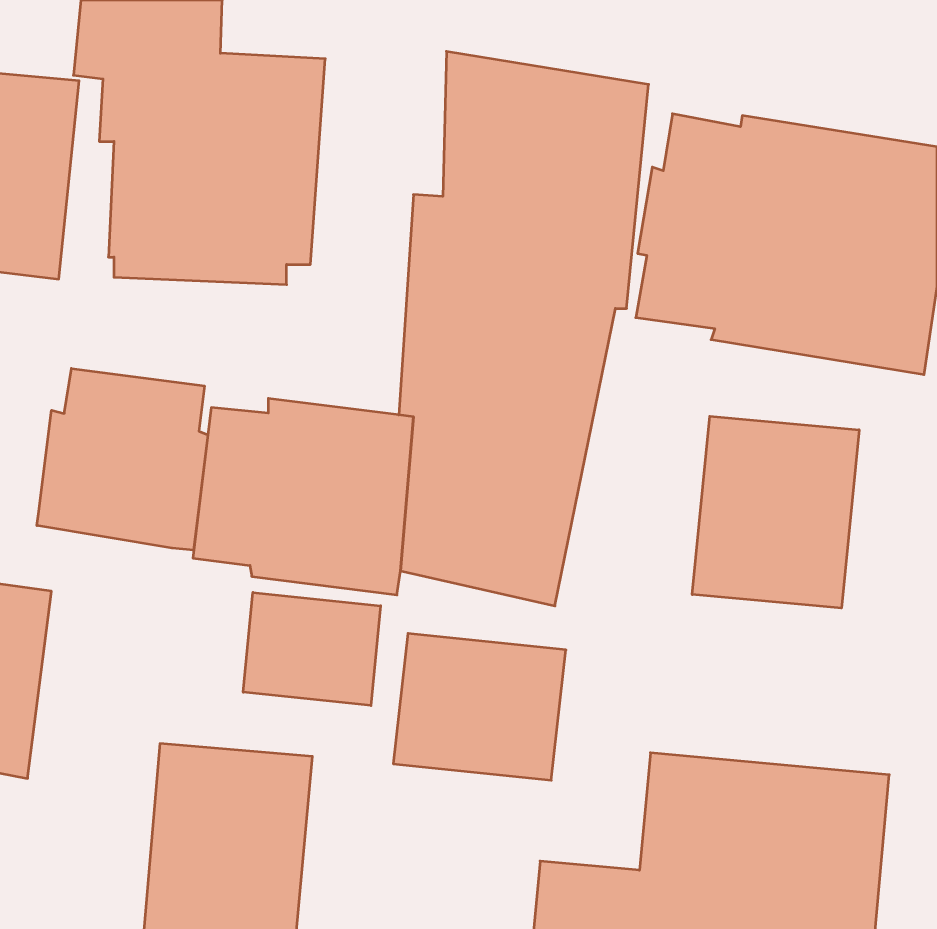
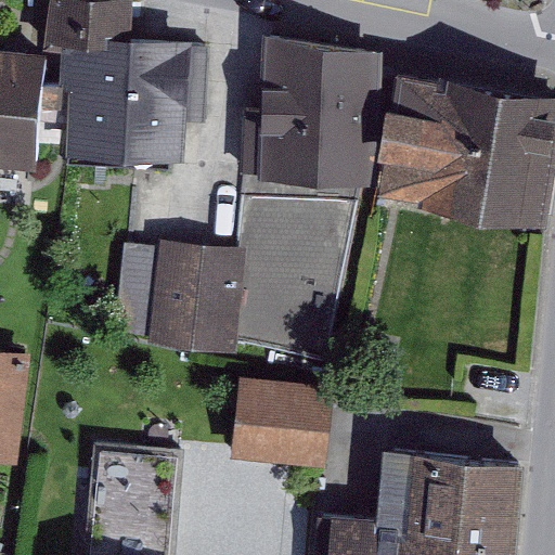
building: [37,368,208,550] -> none
building: [692,416,859,608] -> none
building: [243,592,381,706] -> none

